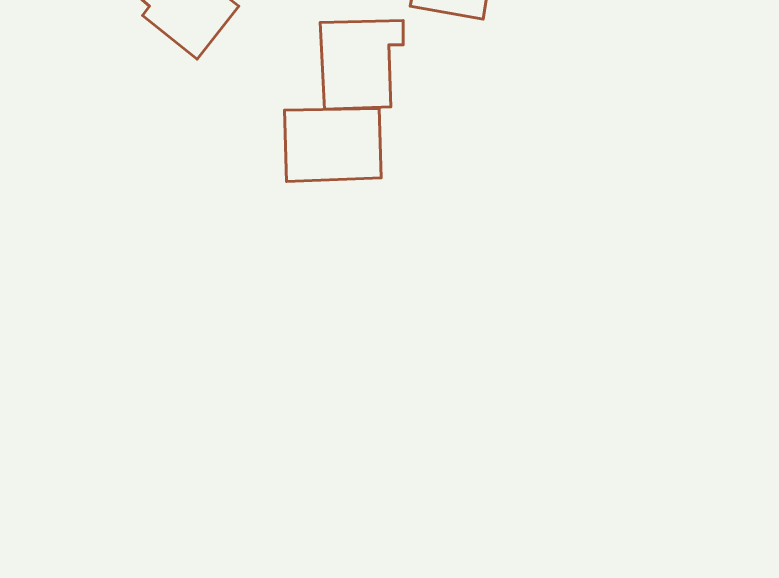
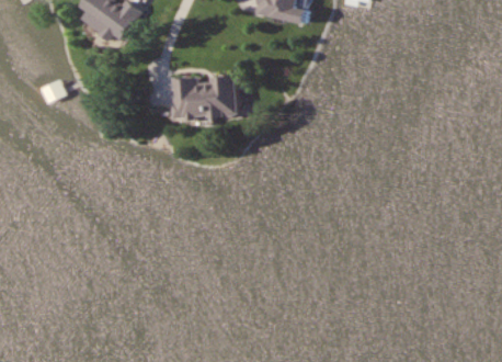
building: [320,20,403,109] -> none

